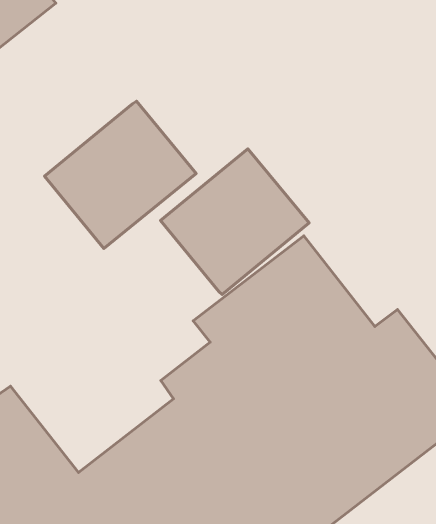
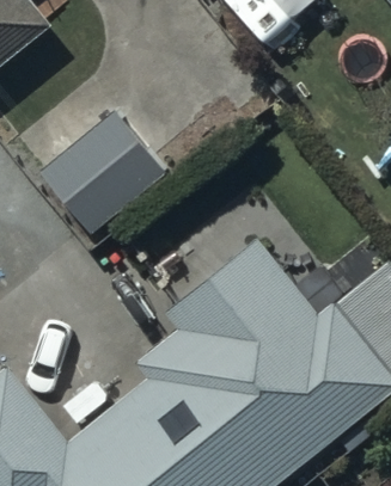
building: [161,149,309,294] -> none

